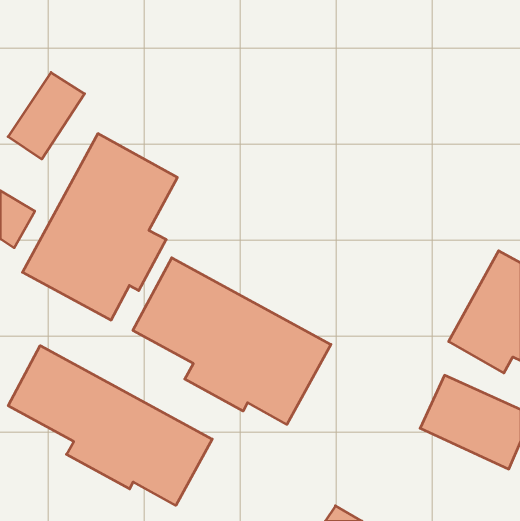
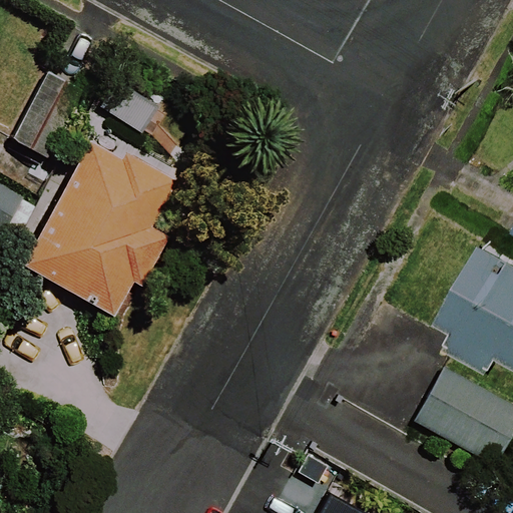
building: [133,258,331,424] -> none
building: [8,346,212,505] -> none

